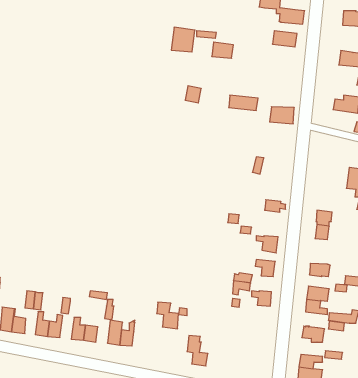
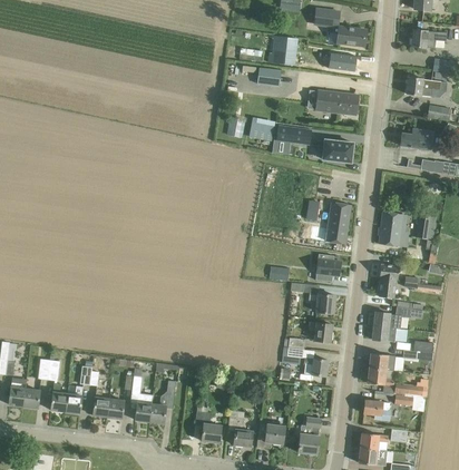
building: [171,27,195,52] -> [268,36,296,65]
building: none -> [316,91,359,116]
building: none -> [248,117,275,141]
building: none -> [325,203,351,244]
building: none -> [379,212,409,247]
building: none -> [373,306,412,329]
building: [157,302,179,329] -> [195,412,221,443]
building: none -> [297,418,321,454]
building: none -> [256,423,284,449]

